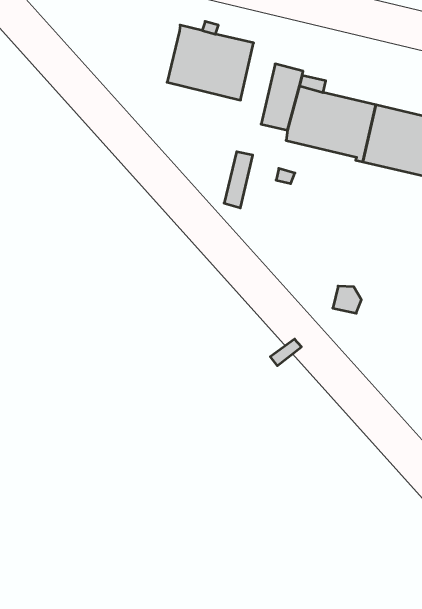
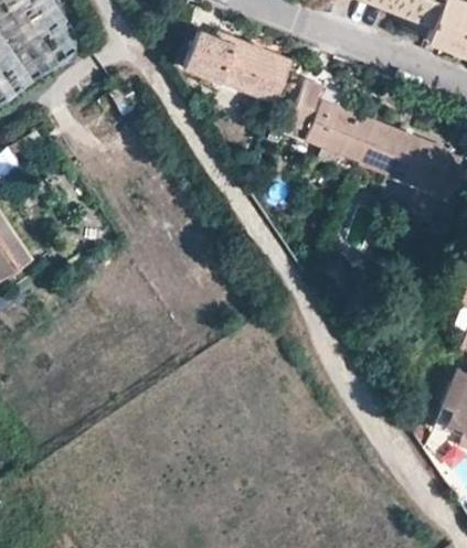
building: none -> [183,31,235,84]

